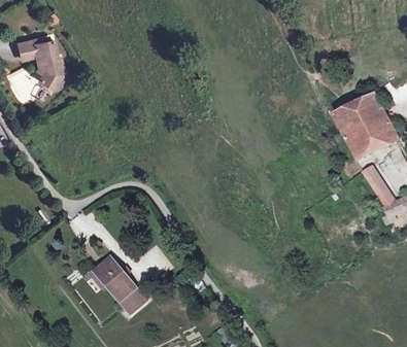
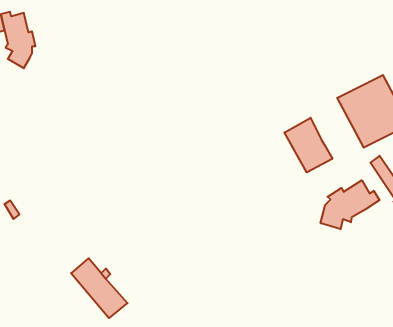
building: none -> [284,118,332,172]
building: none -> [321,180,380,229]

